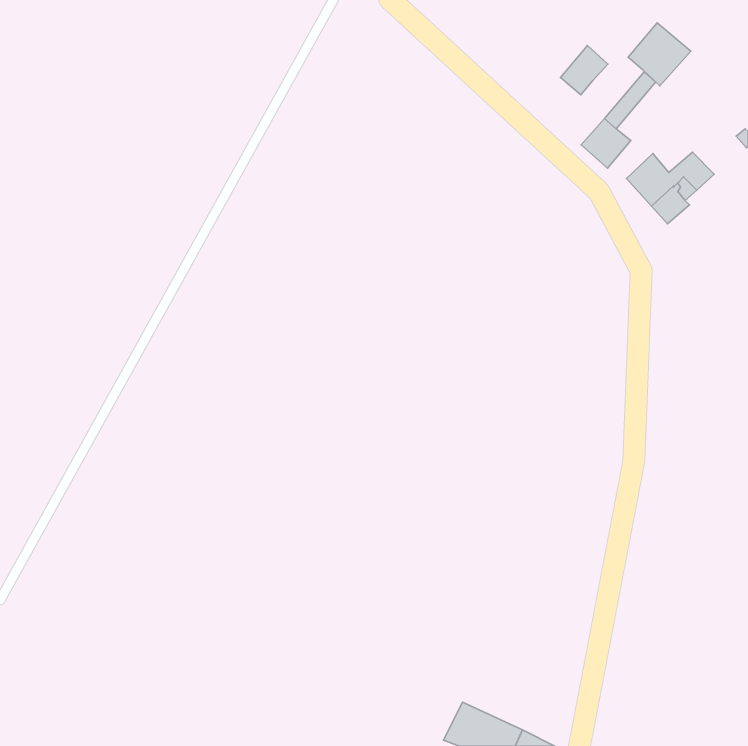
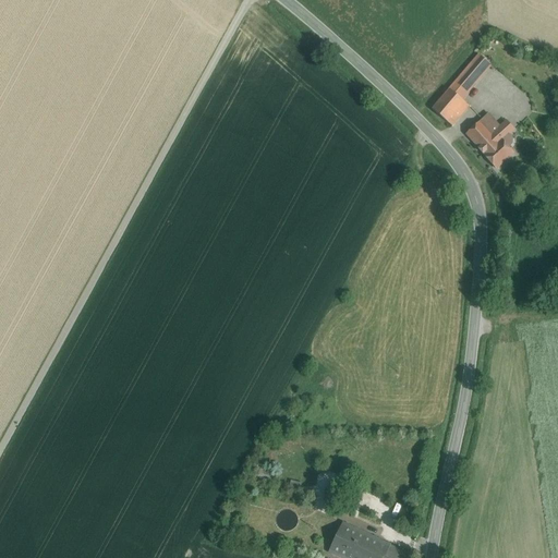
building: [628,23,691,86] -> none
building: [561,46,608,95] -> none

